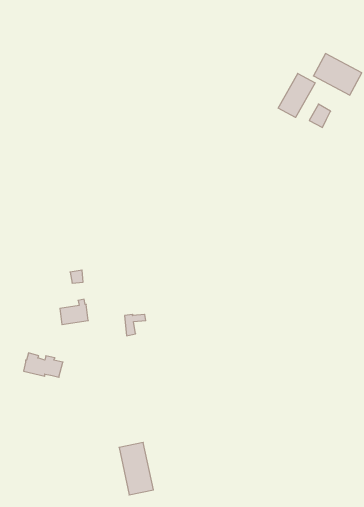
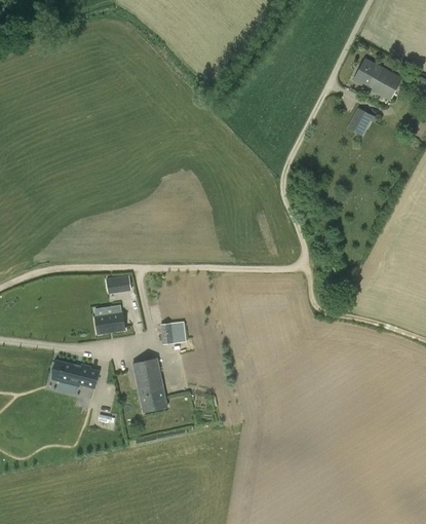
building: [278,73,315,117] -> none
building: [119,442,153,495] -> [132,358,167,411]

